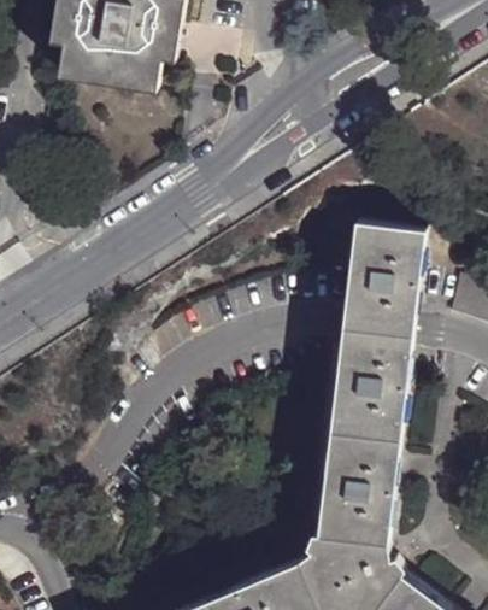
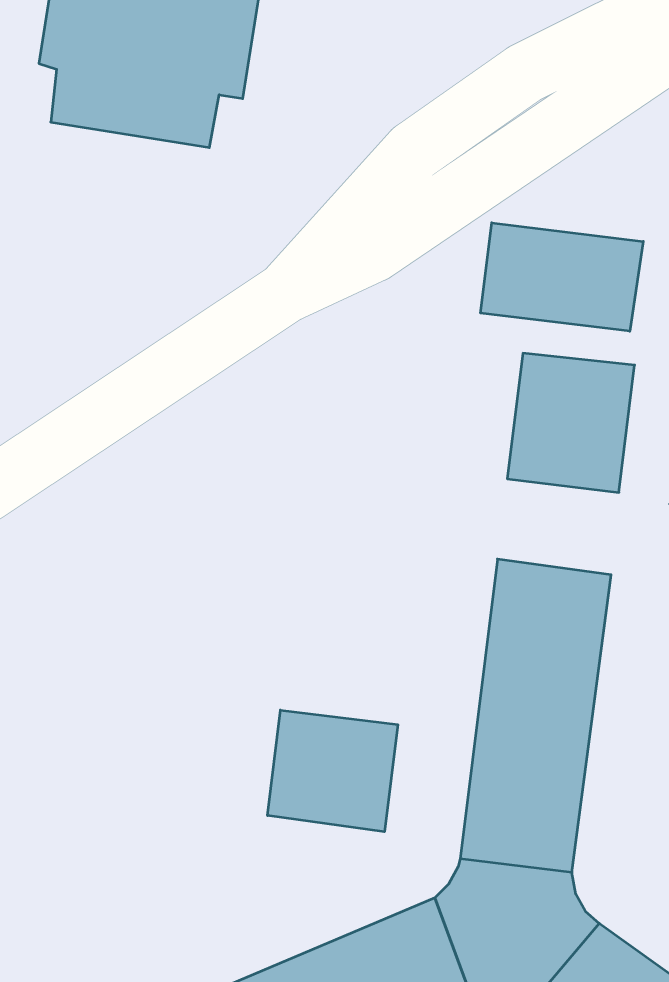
building: none -> [481,223,643,331]
building: [339,299,413,358] -> none
building: none -> [268,710,398,832]

